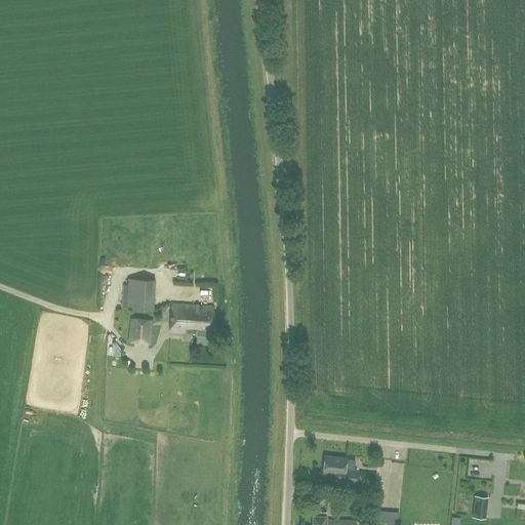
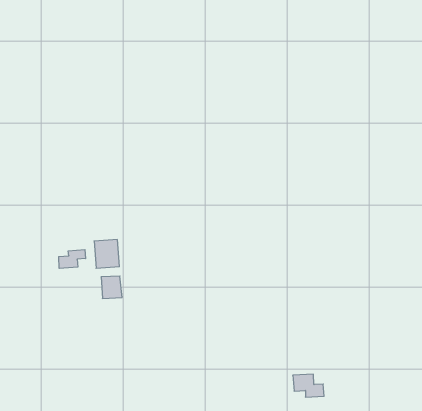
building: none -> [59,250,86,268]
building: [170,302,214,336] -> none

